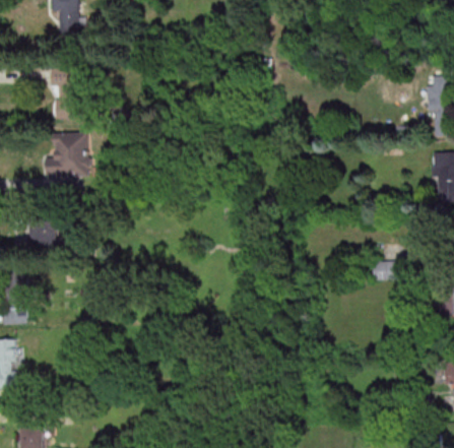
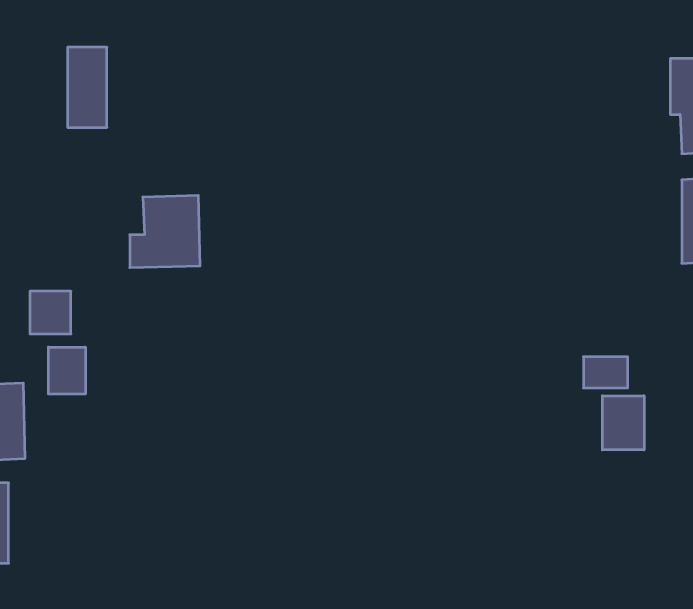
building: [47,132,90,177] -> [130,195,200,268]
building: none -> [48,347,85,394]
building: none -> [602,396,644,450]

